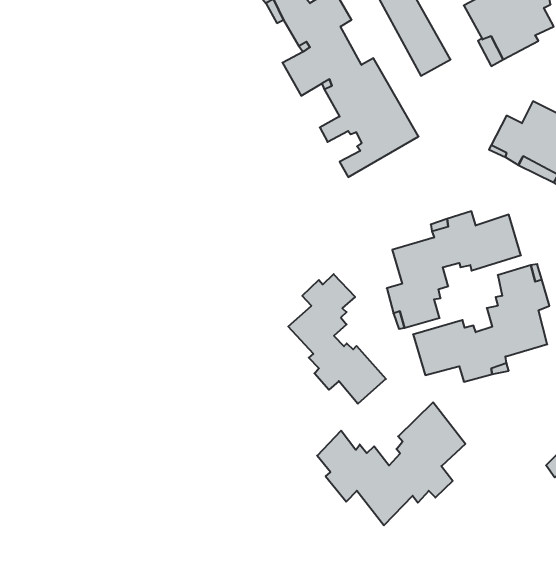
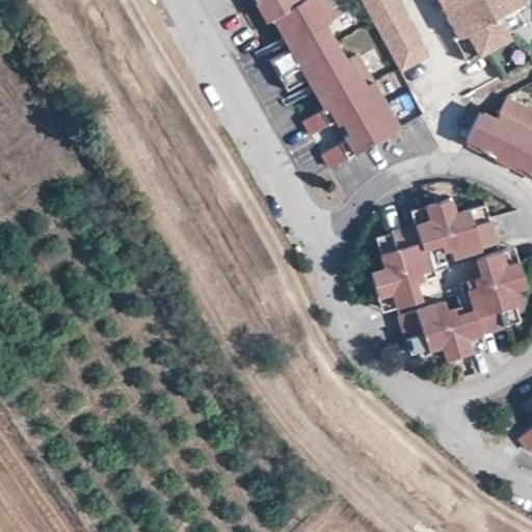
building: [288,274,386,404] -> none
building: [317,402,465,525] -> none

